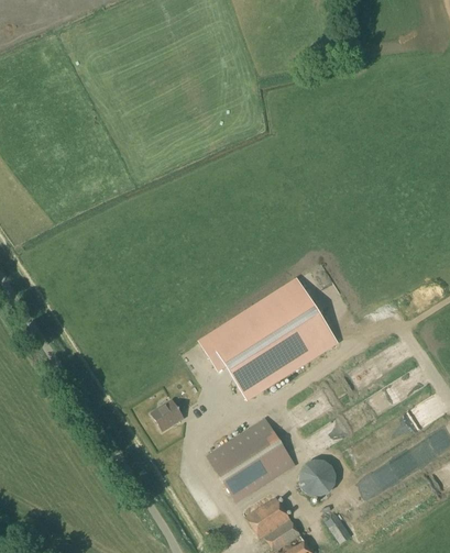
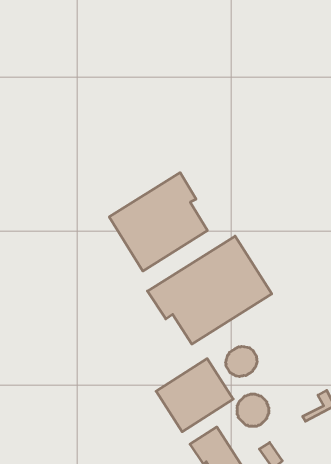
building: none -> [109,173,207,271]
building: [151,399,183,430] -> none
building: none -> [226,346,257,377]

